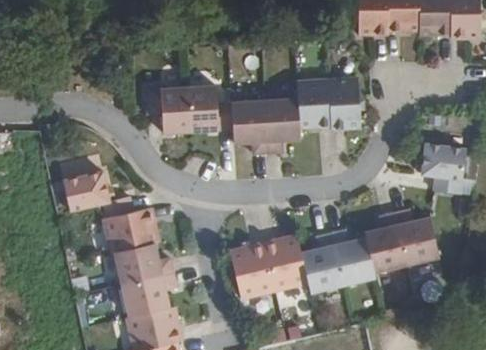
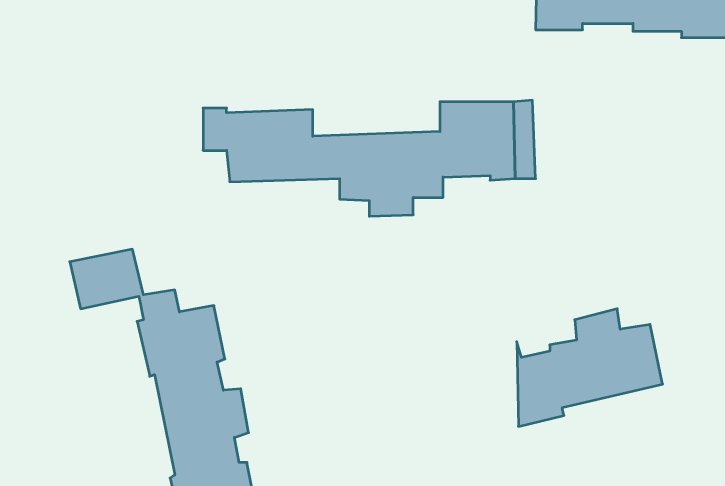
building: [421,146,464,196] -> none
building: [233,232,347,299] -> none

